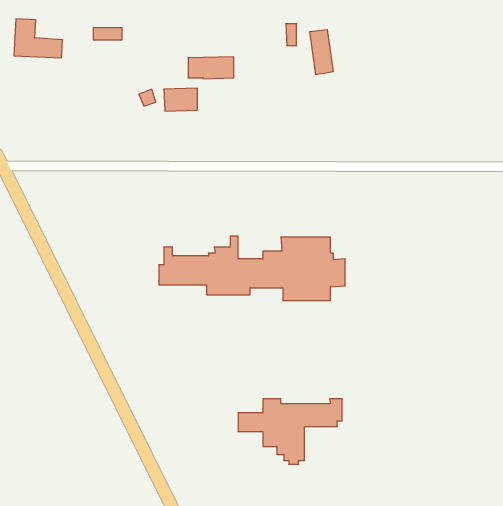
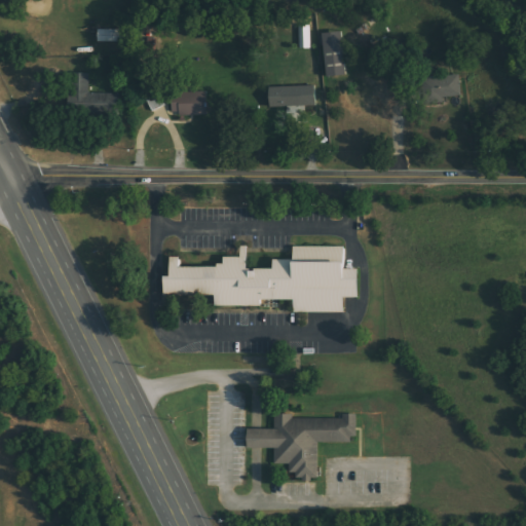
building: [14,19,63,58] -> [65,72,115,112]
building: [188,57,234,79] -> [268,85,315,108]
building: none -> [421,75,458,103]

